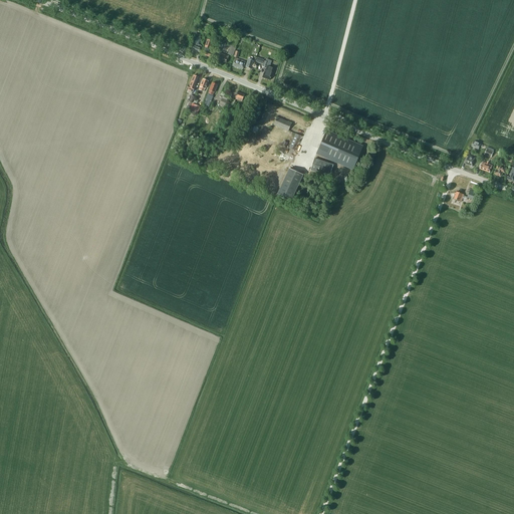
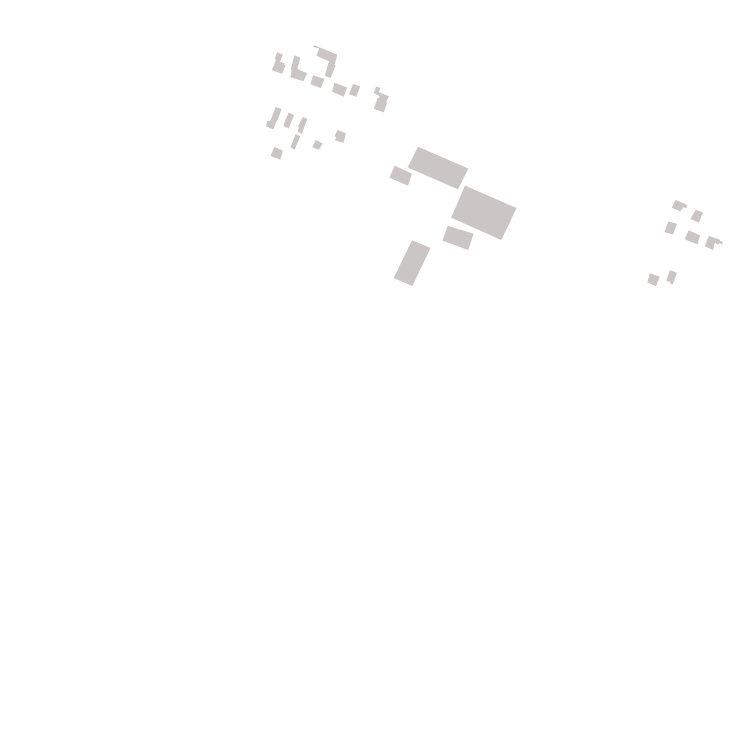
building: none -> [407,146,469,190]

